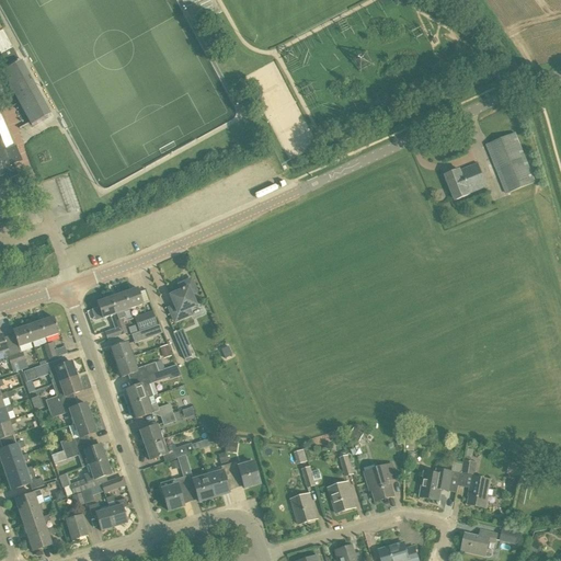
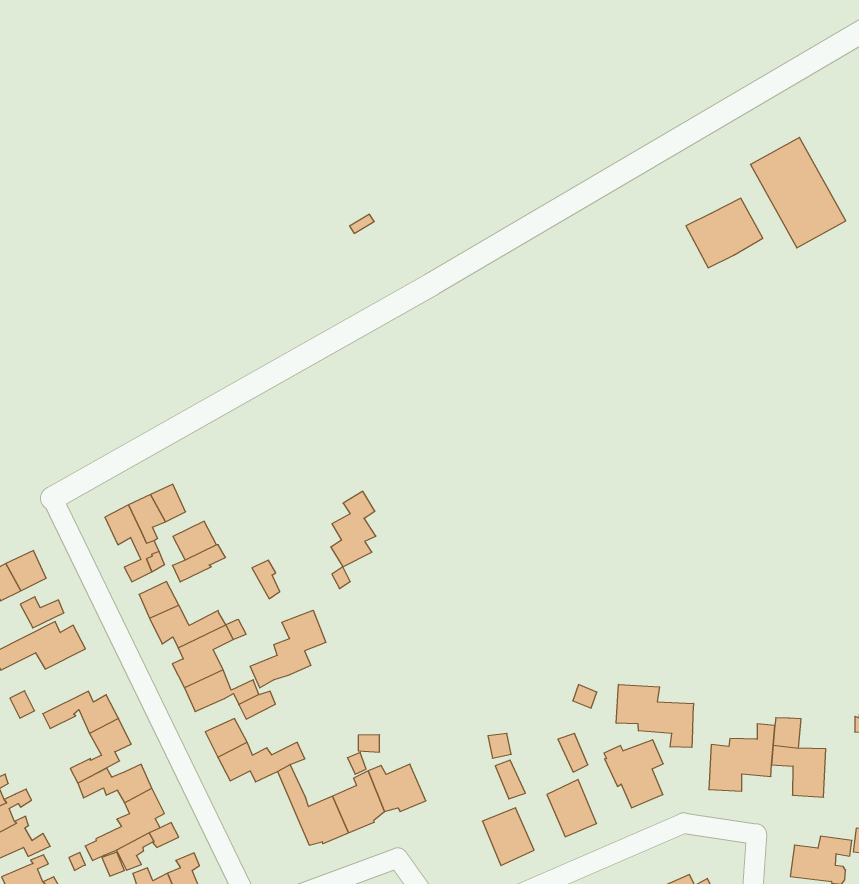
building: [168,277,195,319] -> [331,491,376,567]
building: none -> [250,610,326,688]
building: [44,374,81,408] -> none
building: none -> [616,684,694,747]
building: [160,456,190,508] -> none

